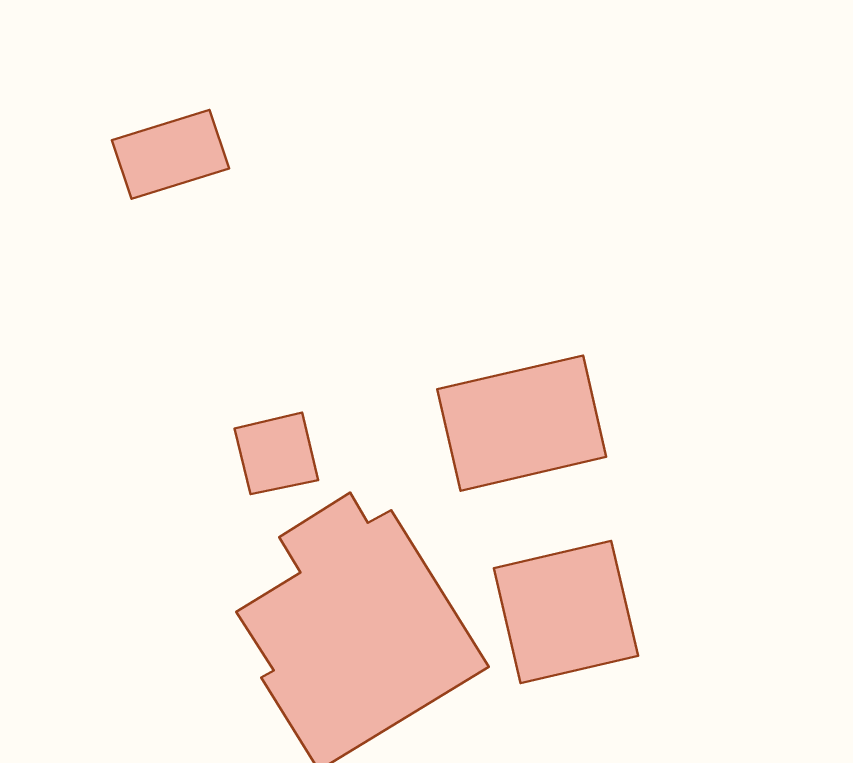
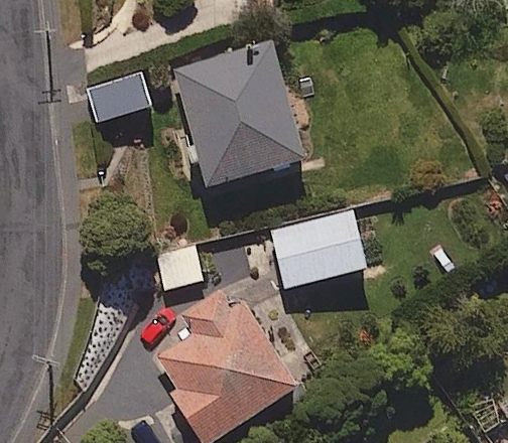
building: none -> [172,40,304,185]
building: [494,541,638,683] -> none

